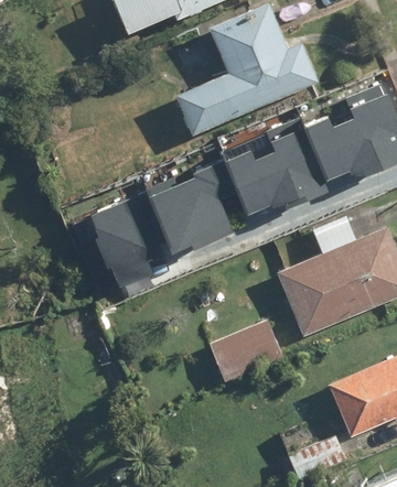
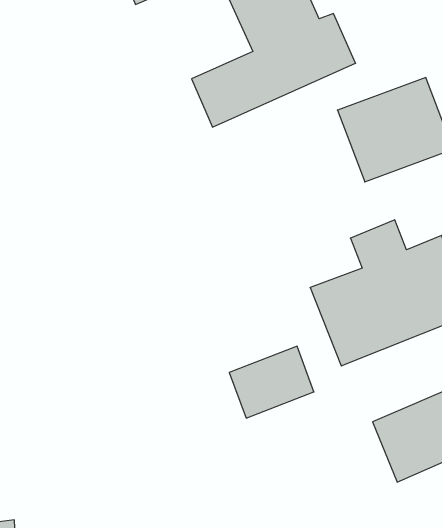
building: [221,133,310,216] -> none
building: [140,165,234,256] -> none
building: [81,203,154,284] -> none

